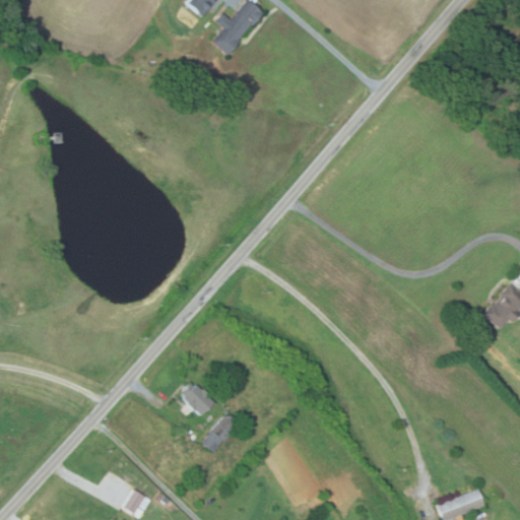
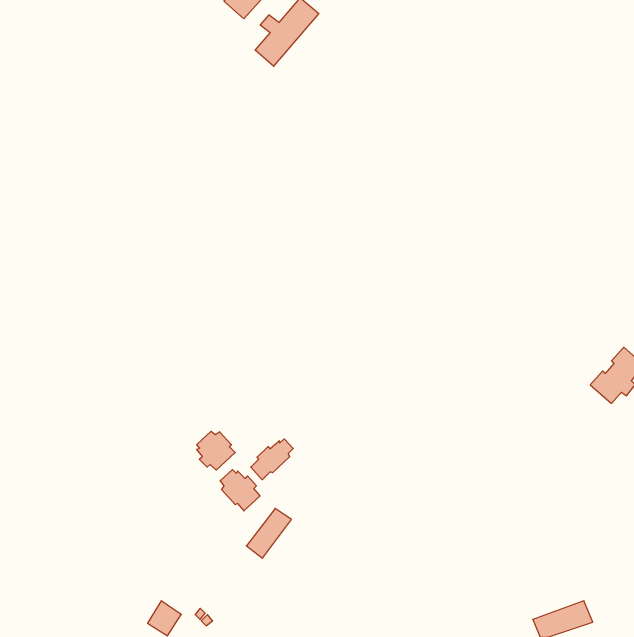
building: none -> [197,431,235,470]
building: none -> [251,439,293,480]

